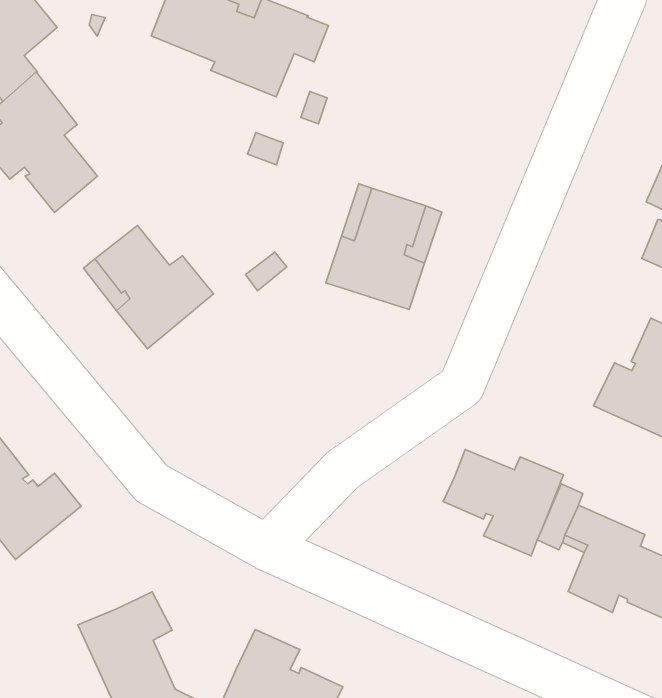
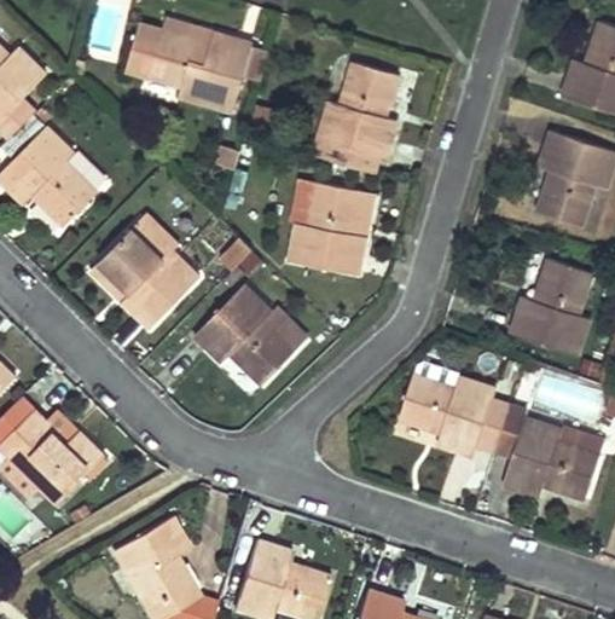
building: none -> [306,63,394,173]
building: none -> [192,280,290,381]

